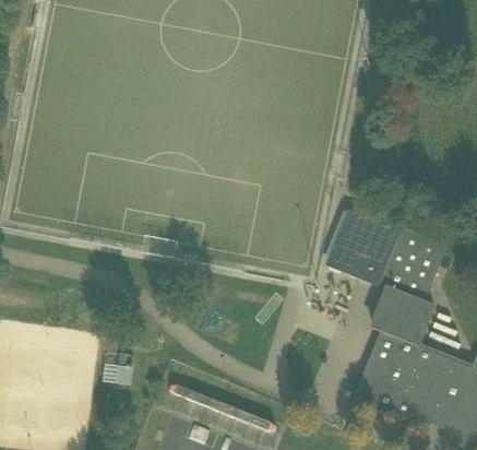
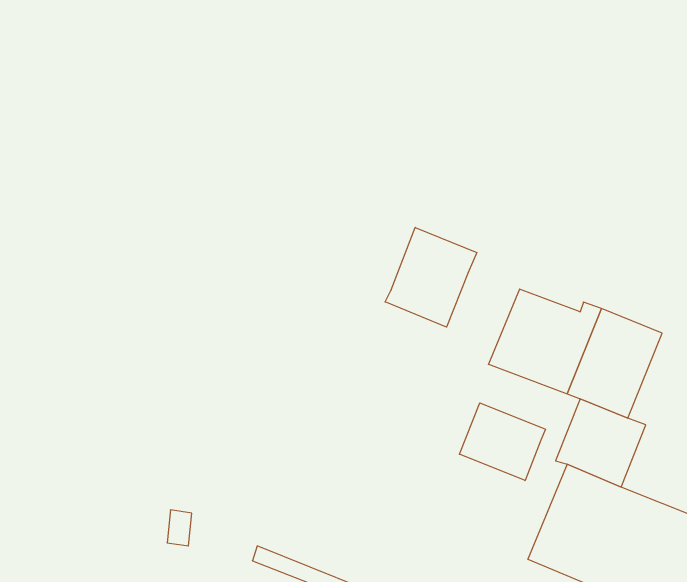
building: none -> [385,227,477,327]
building: none -> [459,403,546,481]

